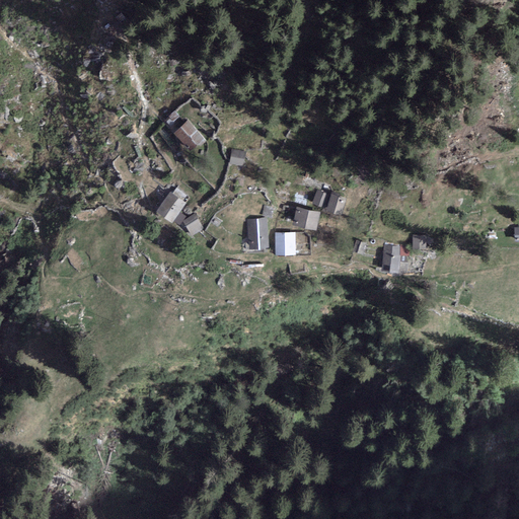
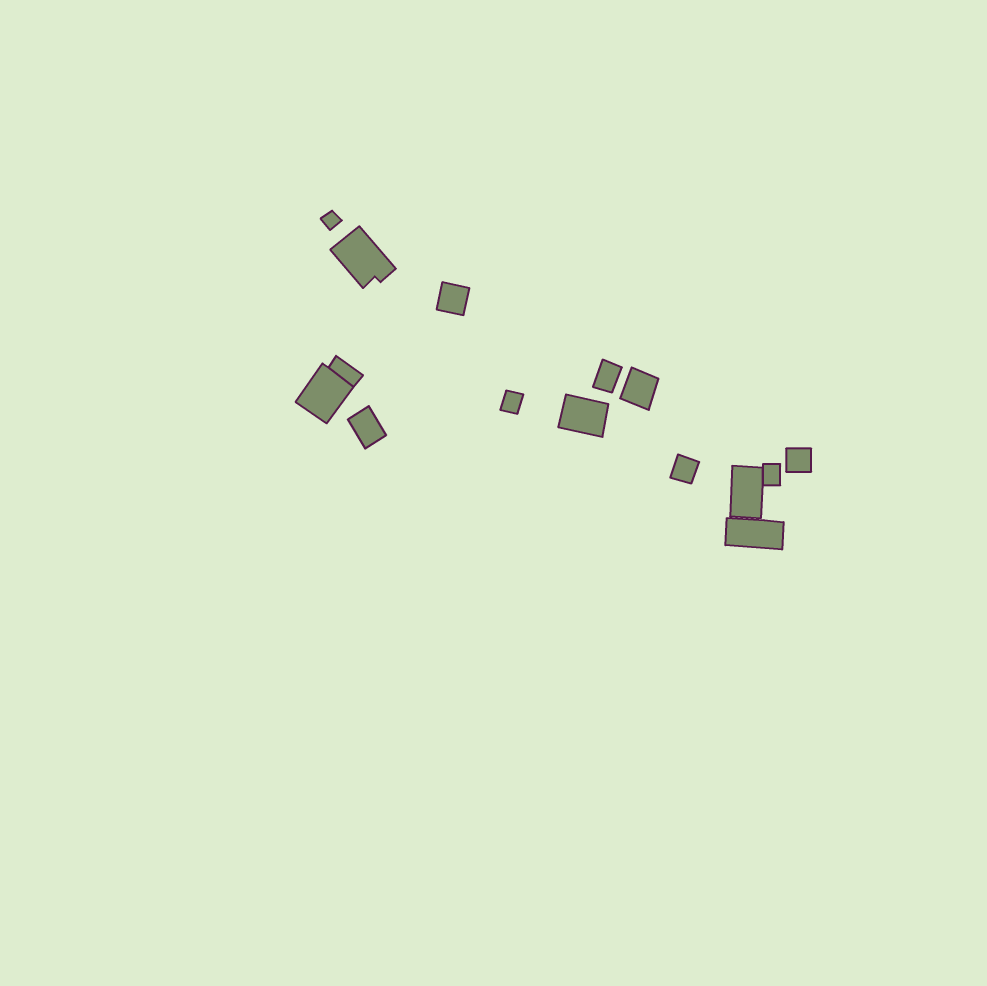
building: [246,218,269,249] -> none
building: [275,232,296,254] -> none
building: none -> [725,518,784,550]

